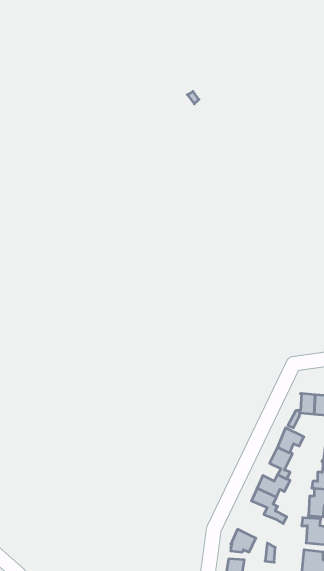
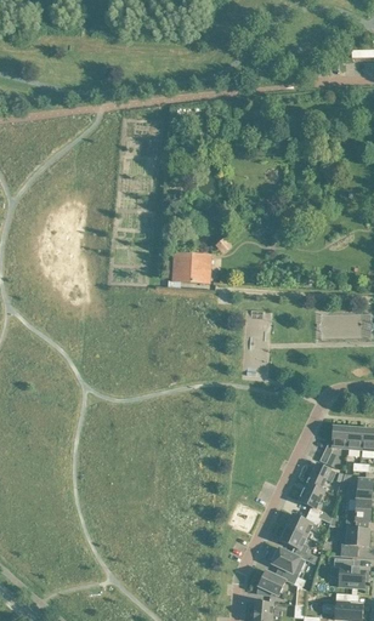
building: none -> [171,252,203,281]
building: none -> [268,547,304,583]

